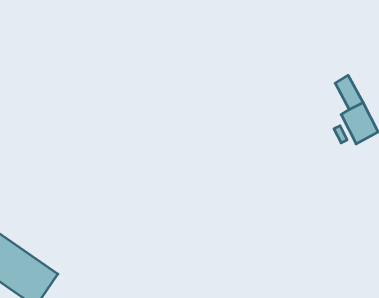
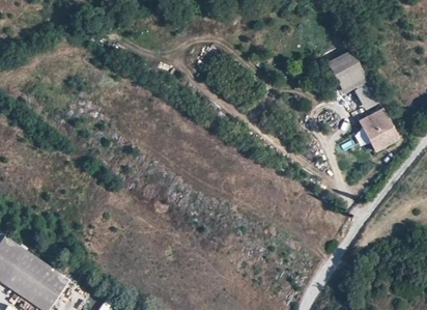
building: none -> [330,48,368,91]

